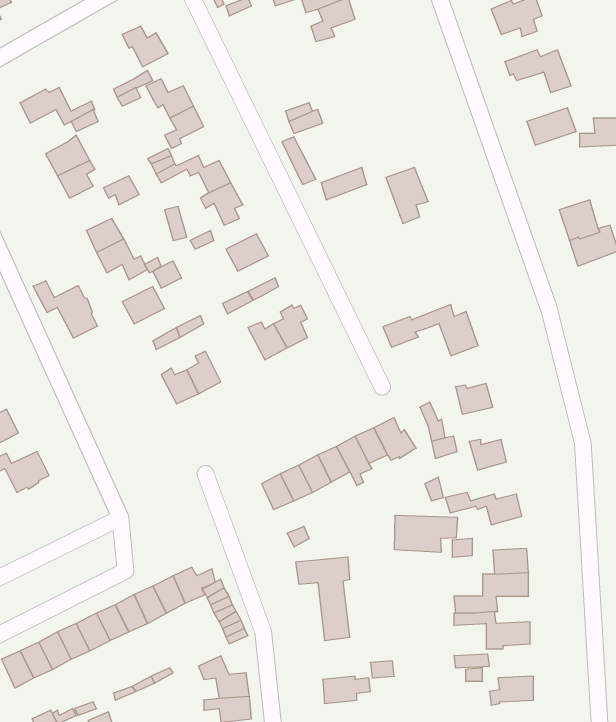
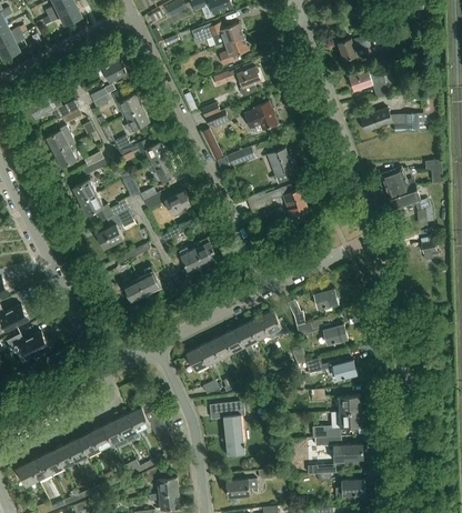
building: none -> [213,63,259,95]
building: none -> [244,101,275,129]
building: [33,281,98,338] -> none
building: [383,305,478,356] -> [245,183,308,217]
building: [395,515,457,552] -> none

